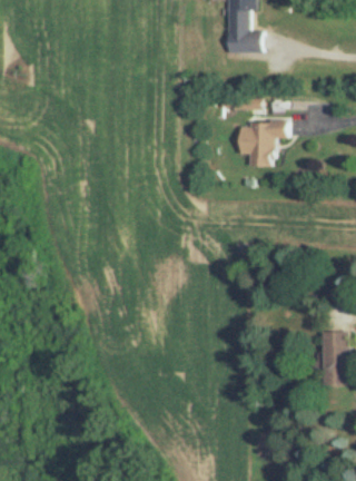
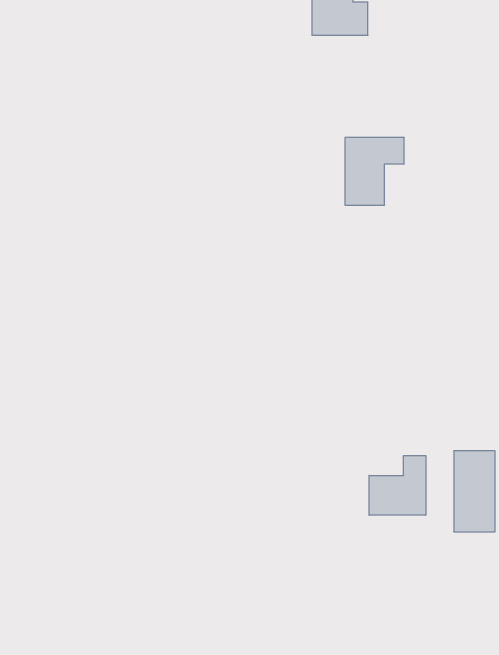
building: none -> [369,456,426,515]

